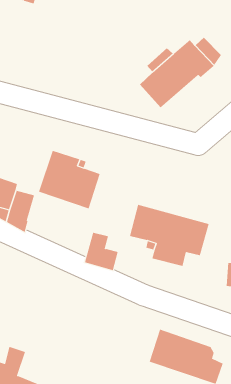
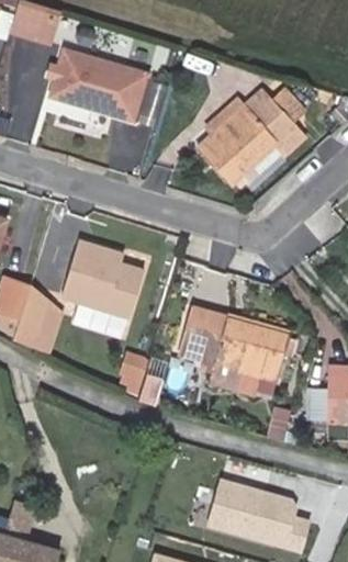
building: none -> [52,48,171,122]

